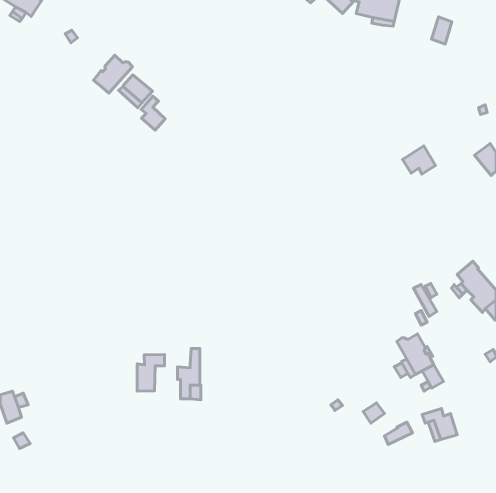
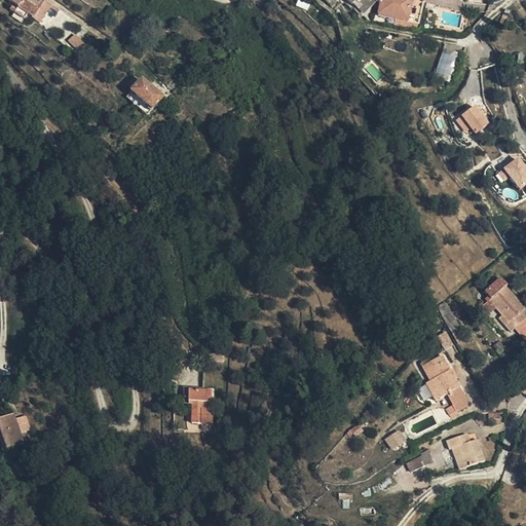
building: [432,17,452,44] -> [435,47,456,76]
building: [94,55,132,93] -> none
building: [141,96,165,130] -> none
building: [402,146,435,174] -> [454,101,489,130]
building: [137,355,165,391] -> none

